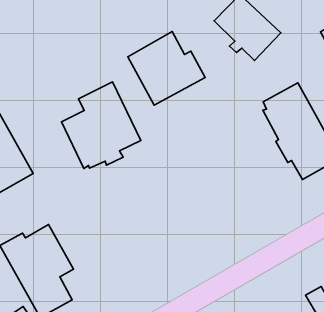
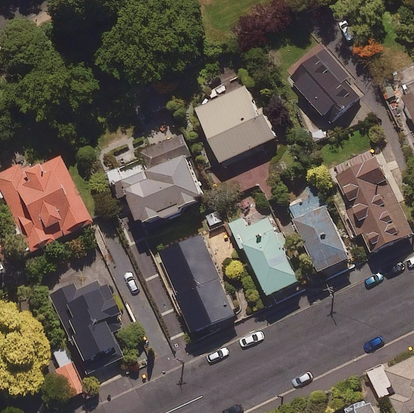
building: none -> [290,182,351,270]
building: none -> [229,222,301,300]
building: none -> [160,237,233,330]

